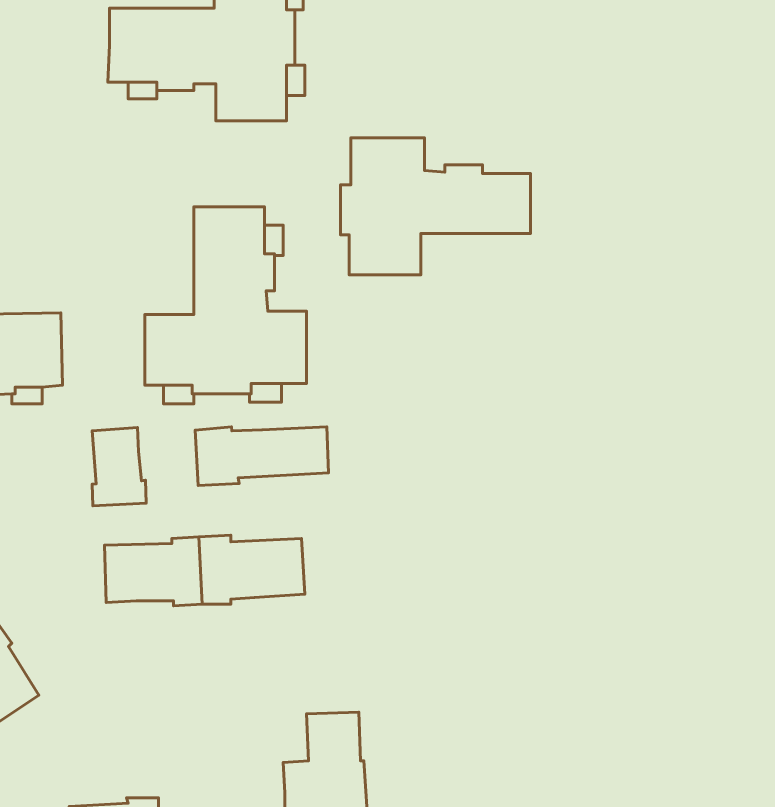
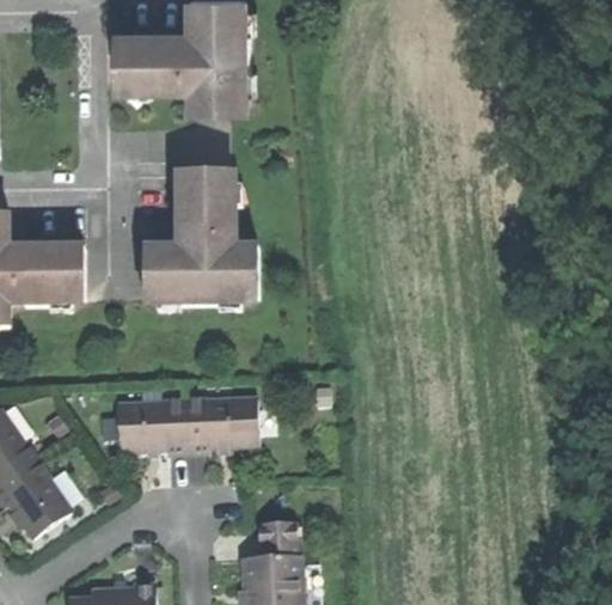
building: [341,138,530,275] -> none
building: [195,427,329,486] -> none
building: [92,428,146,506] -> none

